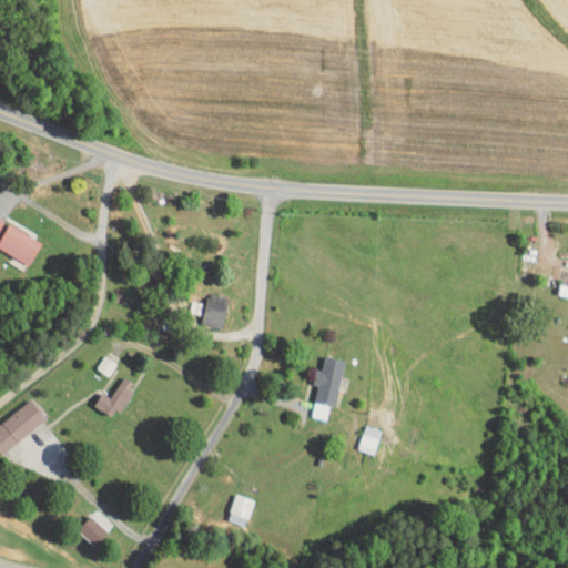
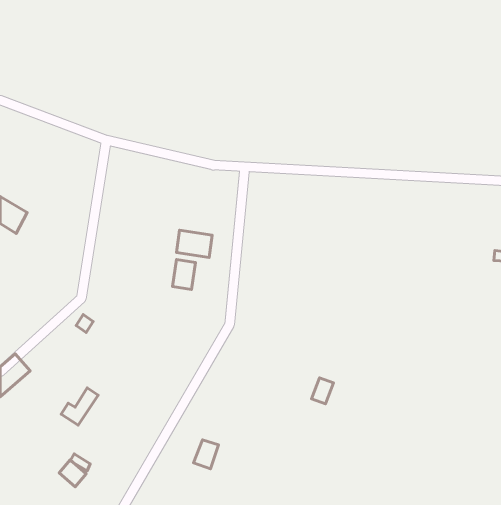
building: none -> [176,230,212,257]
building: [312,356,345,420] -> none
building: [94,377,135,418] -> [61,388,98,425]

